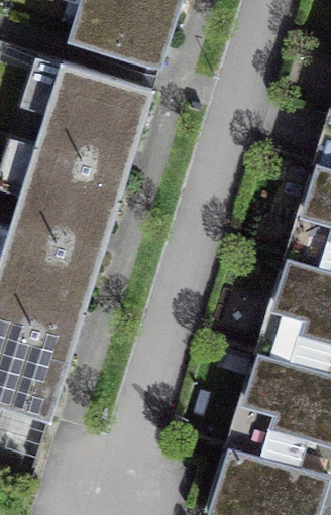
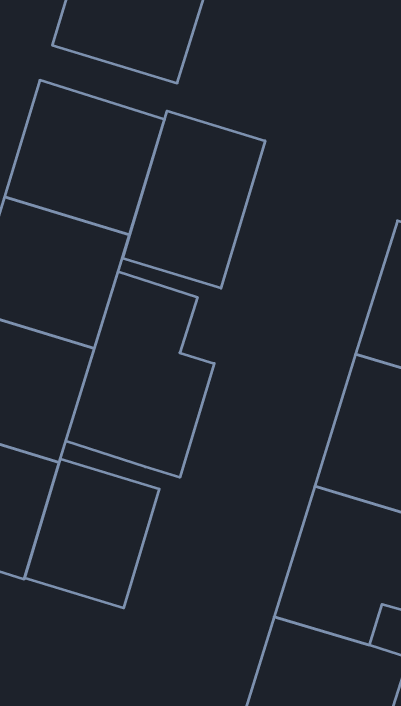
building: none -> [123,111,265,288]
building: none -> [66,272,214,477]
building: none -> [25,459,159,608]

